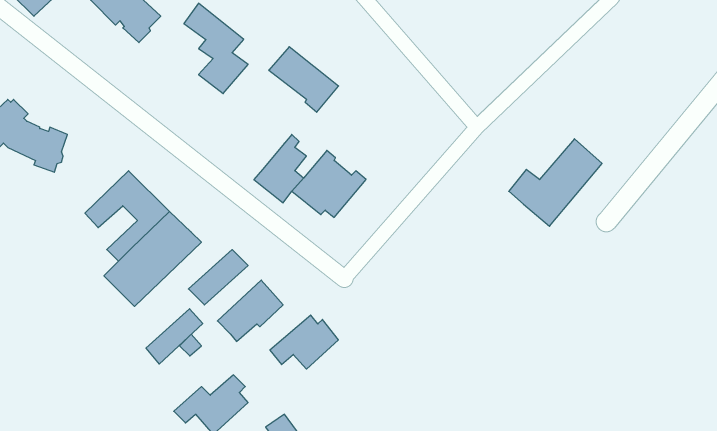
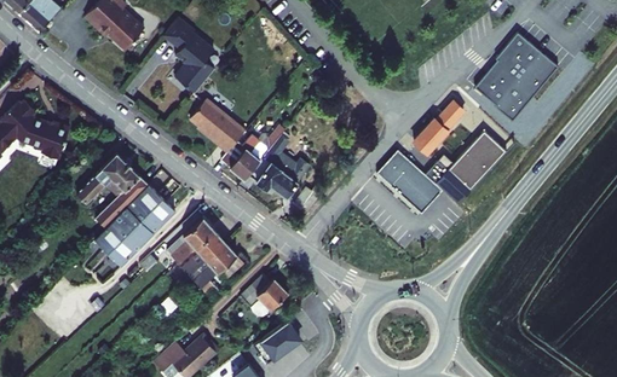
building: none -> [472,29,558,118]
building: [269,47,339,112] -> [188,103,246,157]
building: none -> [410,95,469,153]
building: none -> [375,146,444,211]
building: [146,309,203,364] -> [179,237,226,283]
building: none -> [253,318,300,359]

